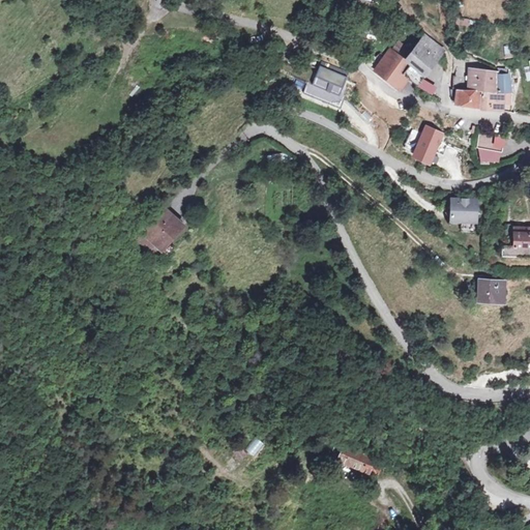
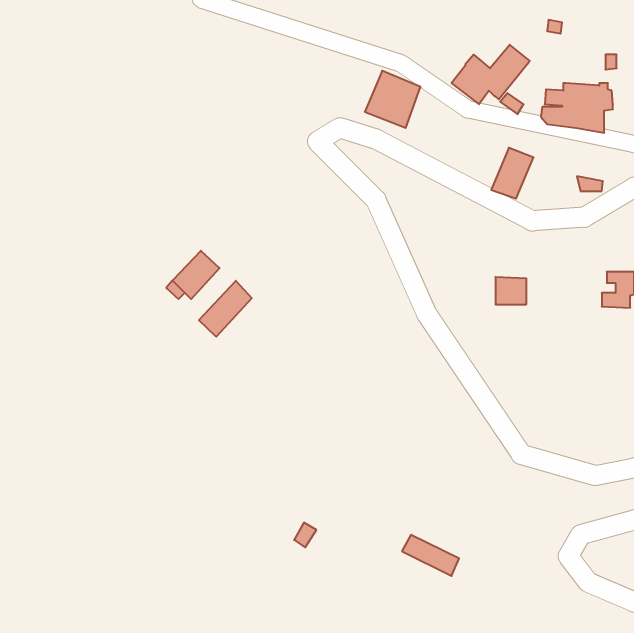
building: [479,131,508,151] -> none
building: [451,198,477,220] -> [495,277,526,304]
building: none -> [199,281,252,337]
building: [479,278,503,298] -> none

